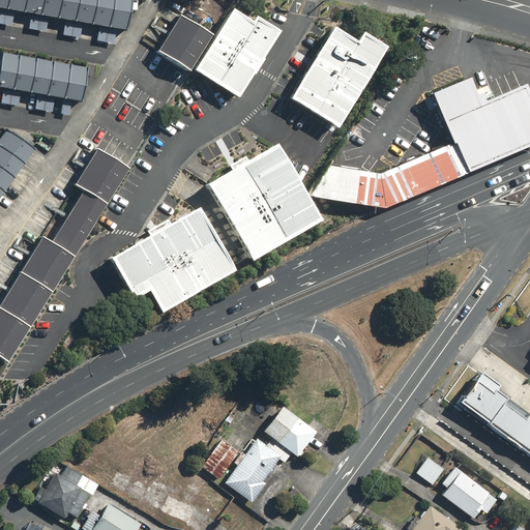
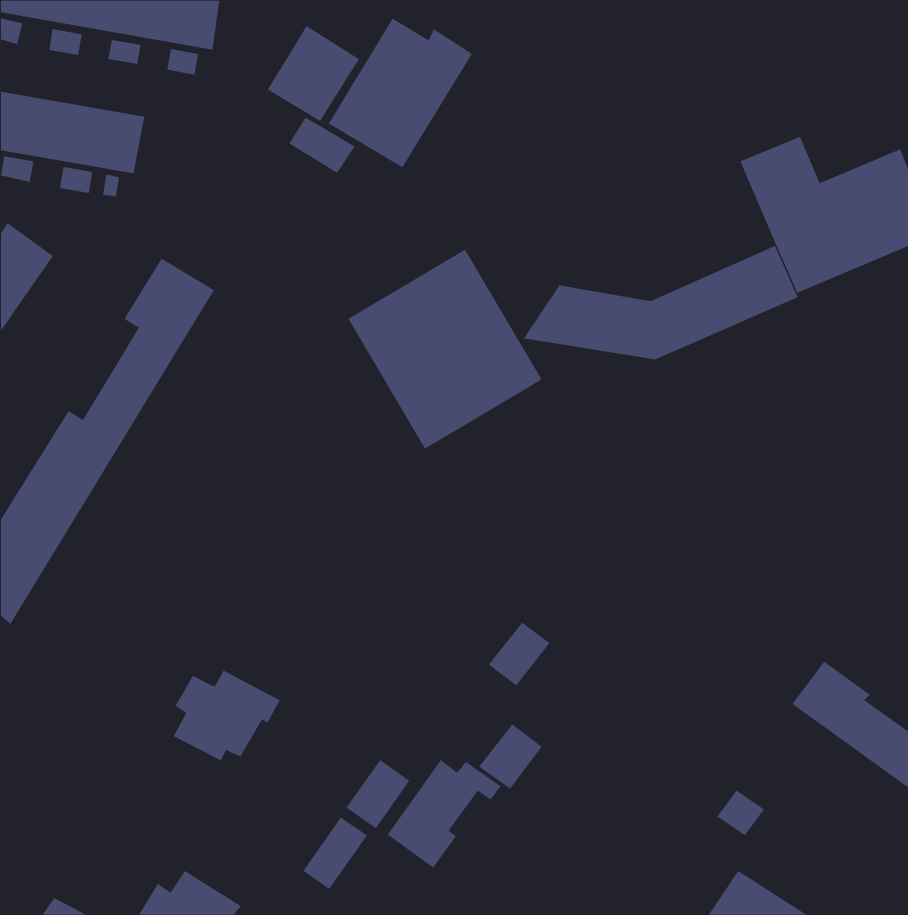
building: [288,27,385,127] -> none
building: none -> [289,116,356,174]
building: [110,207,233,312] -> none
building: [264,406,300,443] -> [488,622,551,686]
building: [443,465,499,519] -> none
building: [40,466,102,519] -> [173,670,280,761]
building: none -> [302,816,368,890]

